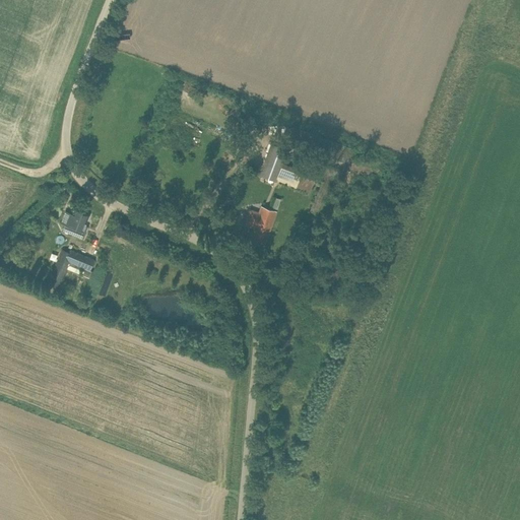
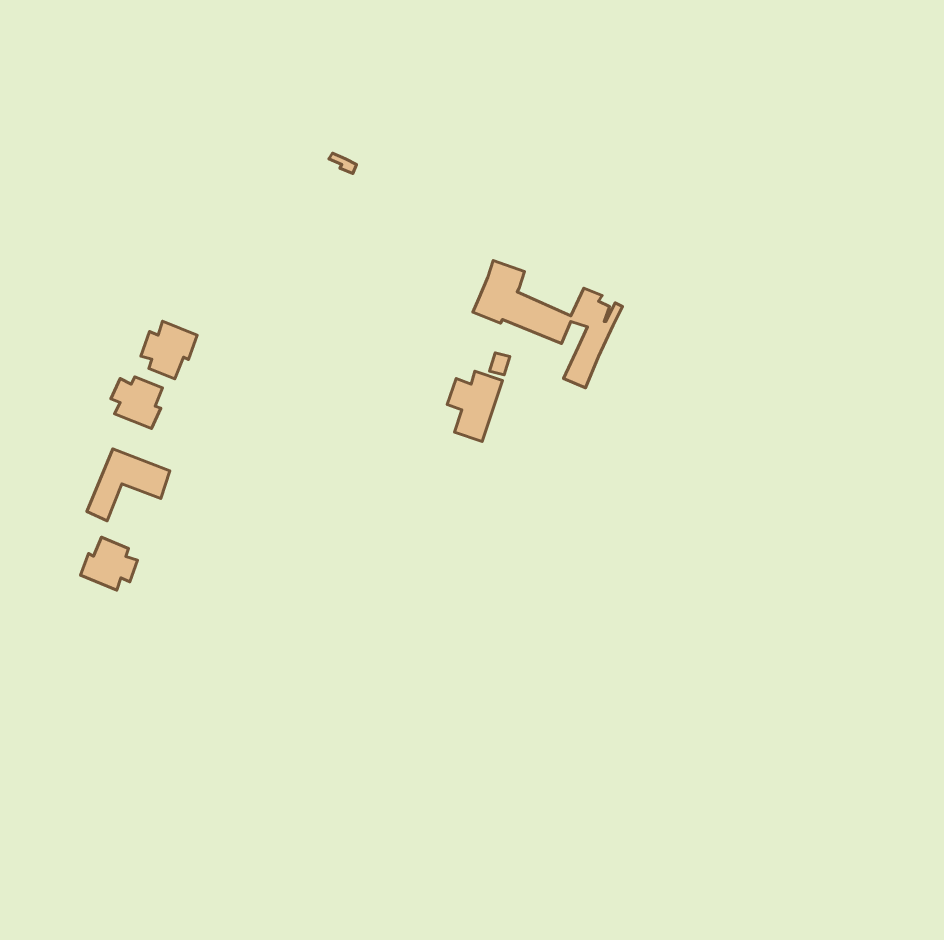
building: none -> [141,321,197,379]
building: none -> [81,537,138,590]

